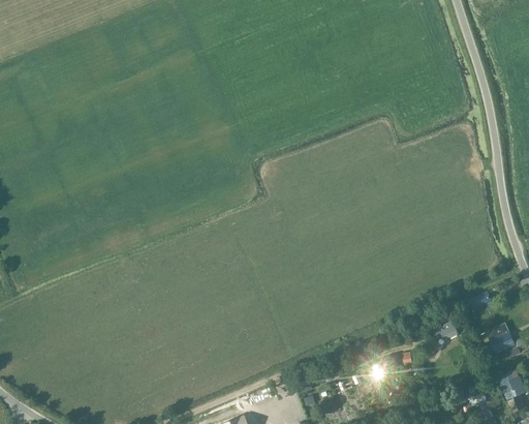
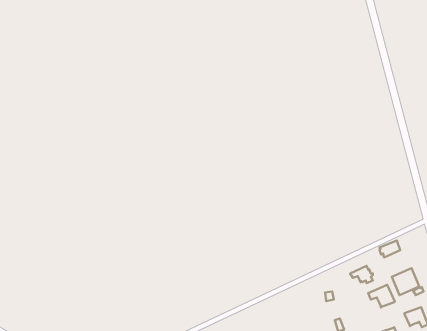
building: none -> [368,285,395,308]

